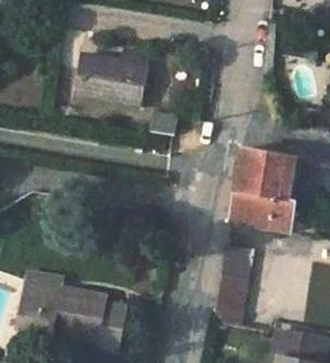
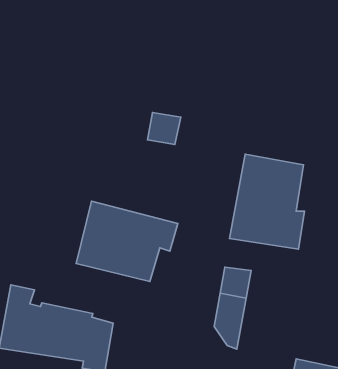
building: [72,52,150,109] -> none
building: none -> [76,201,178,282]

